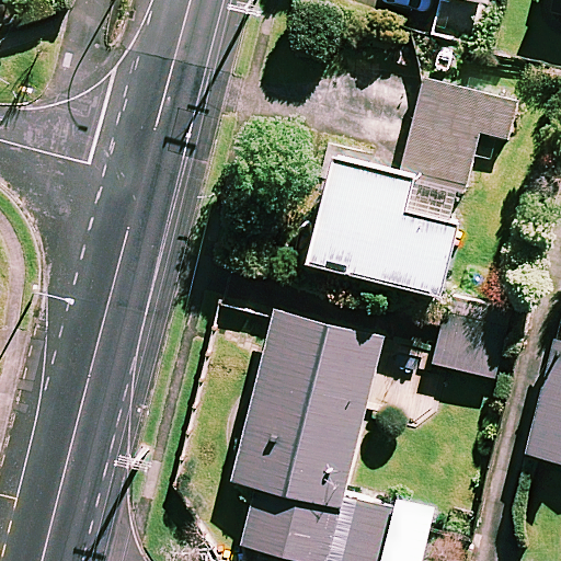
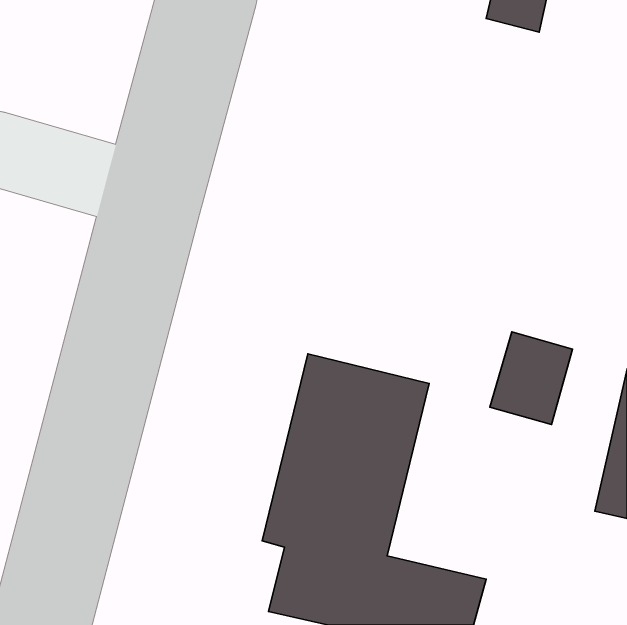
building: [310,79,514,298] -> none

